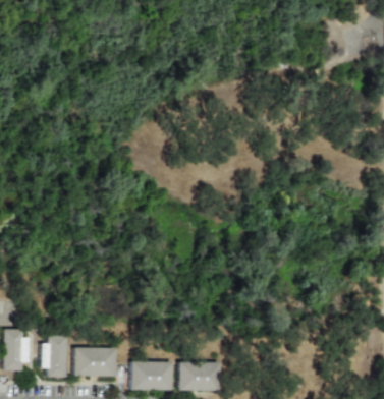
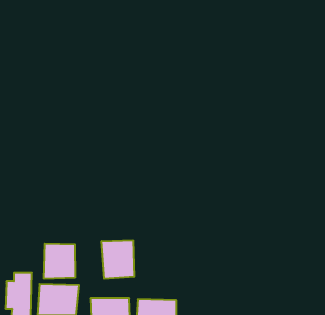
building: none -> [102,240,134,279]
building: none -> [44,244,75,279]

